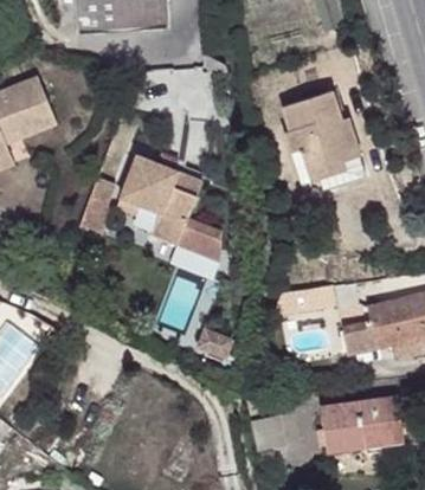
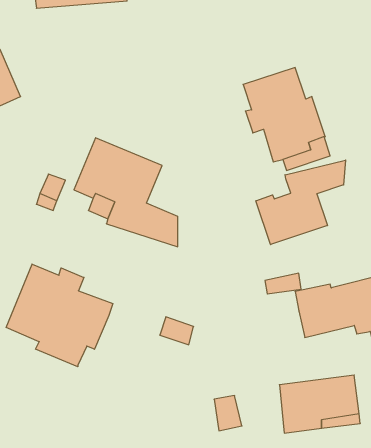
building: none -> [256,160,346,245]
building: none -> [6,264,113,367]

